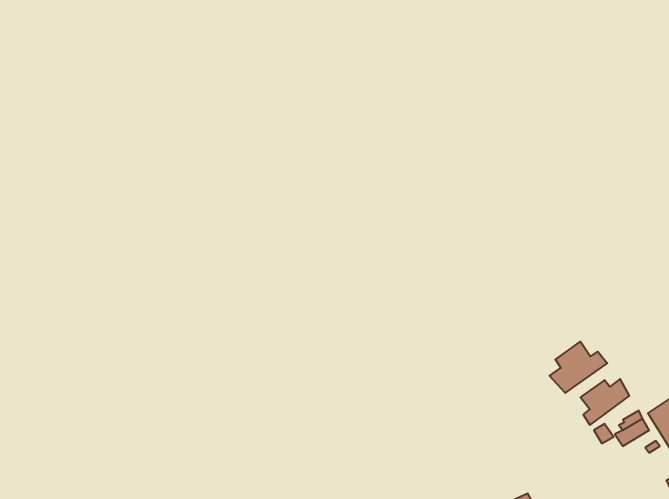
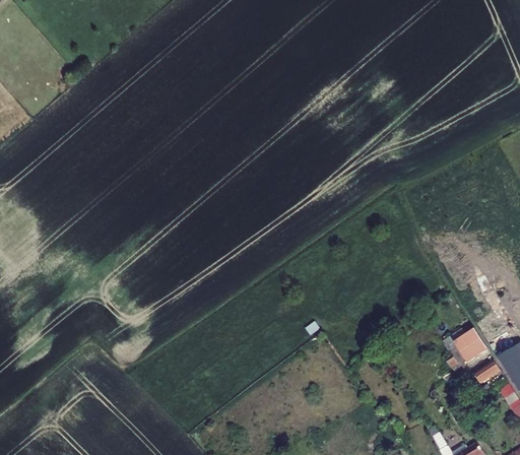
building: [550,342,607,393] -> none

